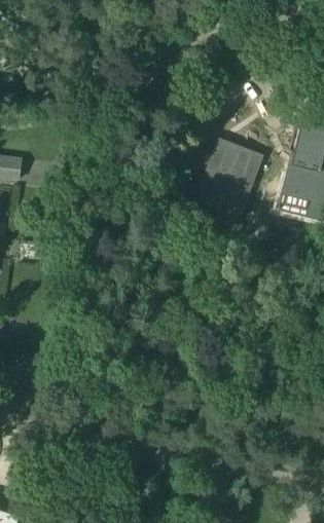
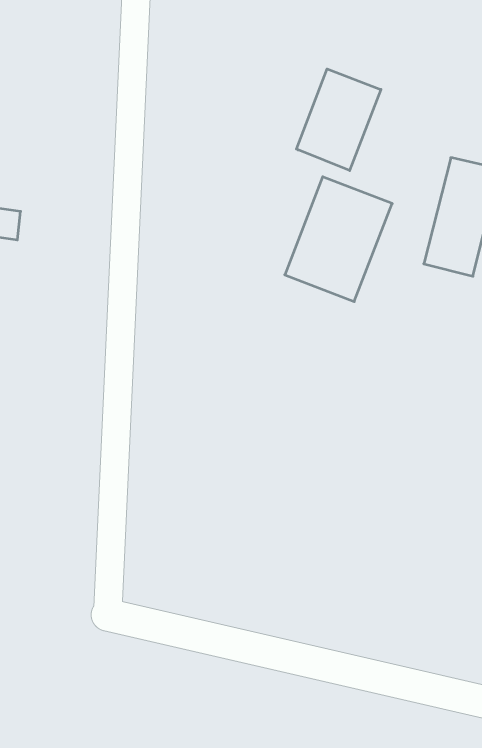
building: none -> [296,69,381,171]

